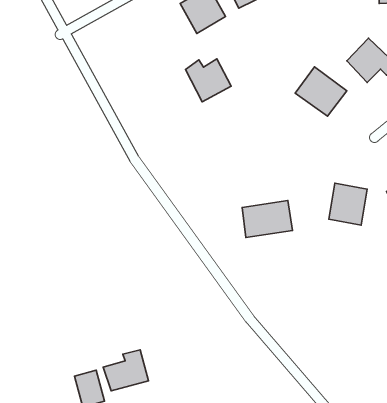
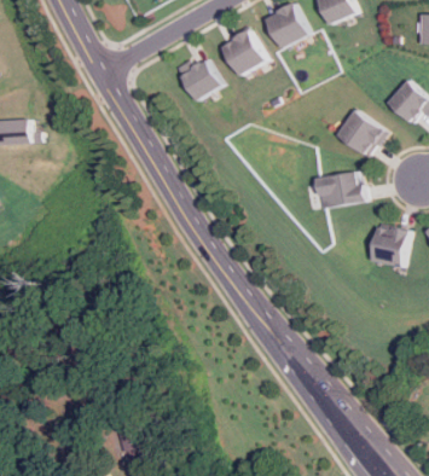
building: [185,59,231,102] -> [175,57,221,100]
building: [242,200,293,238] -> [317,170,367,208]
building: [103,350,148,391] -> none

